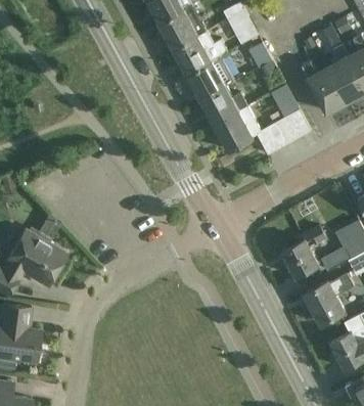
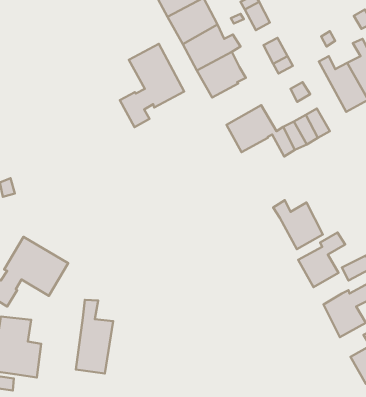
building: none -> [120,44,184,127]
building: [200,87,246,126] -> none
building: none -> [273,200,323,249]
building: none -> [76,300,113,373]

